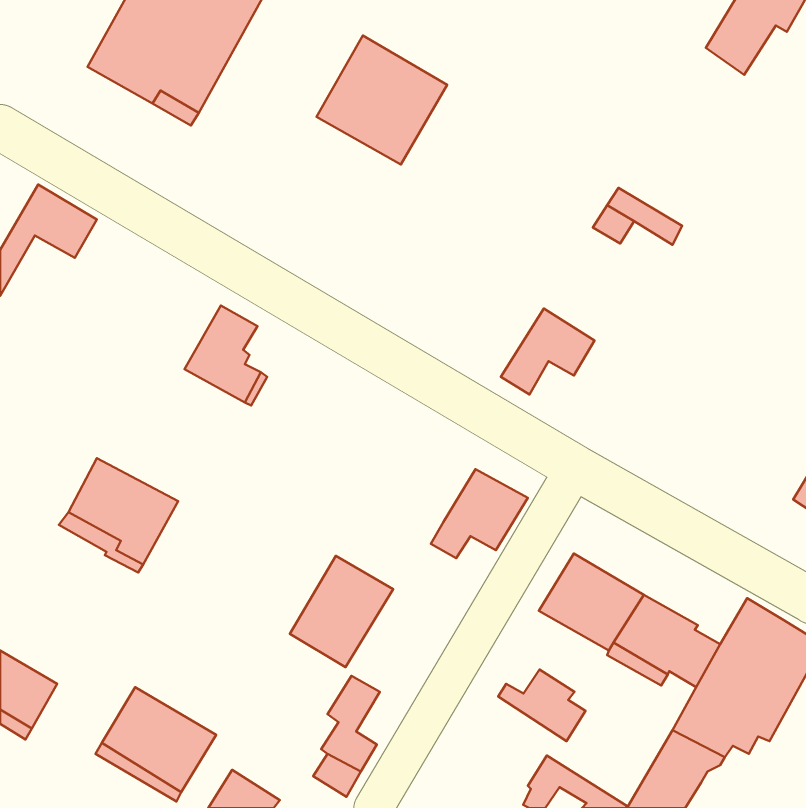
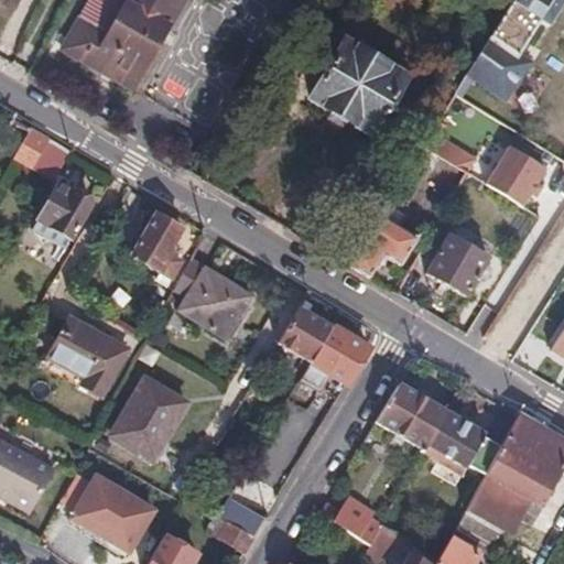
building: [317,36,447,164] -> [316,40,406,129]
building: none -> [469,33,533,97]
building: none -> [489,142,549,203]
building: none -> [36,184,94,245]
building: none -> [427,230,492,293]
building: none -> [182,268,251,335]
building: none -> [279,305,334,361]
building: [290,556,393,667] -> [115,378,186,455]
building: [498,670,586,741] -> [323,495,383,544]

